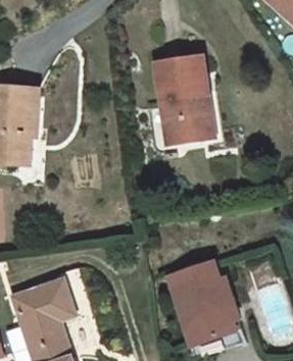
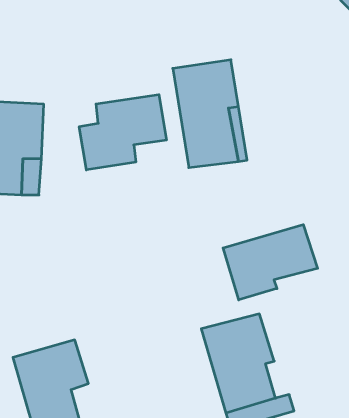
building: none -> [79,95,166,170]
building: none -> [223,225,318,300]

